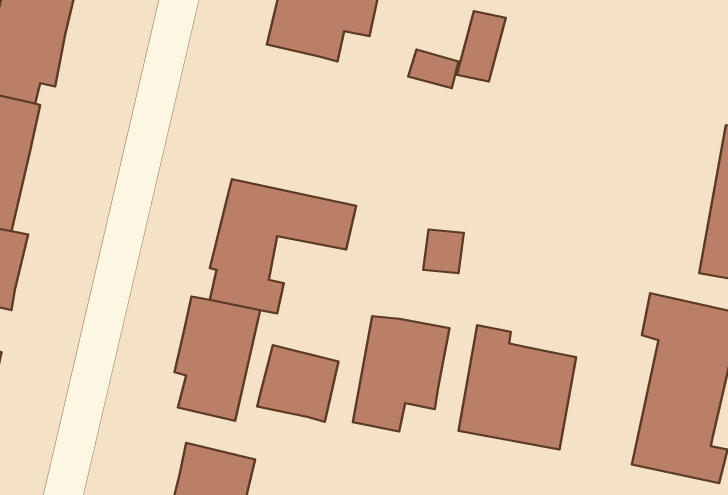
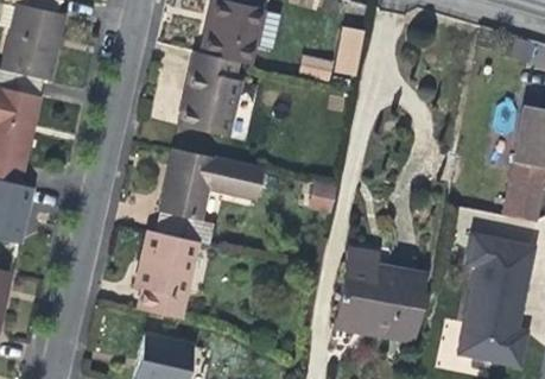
building: none -> [177,51,240,134]
building: [353,316,449,432] -> none
building: [257,345,339,422] -> none

